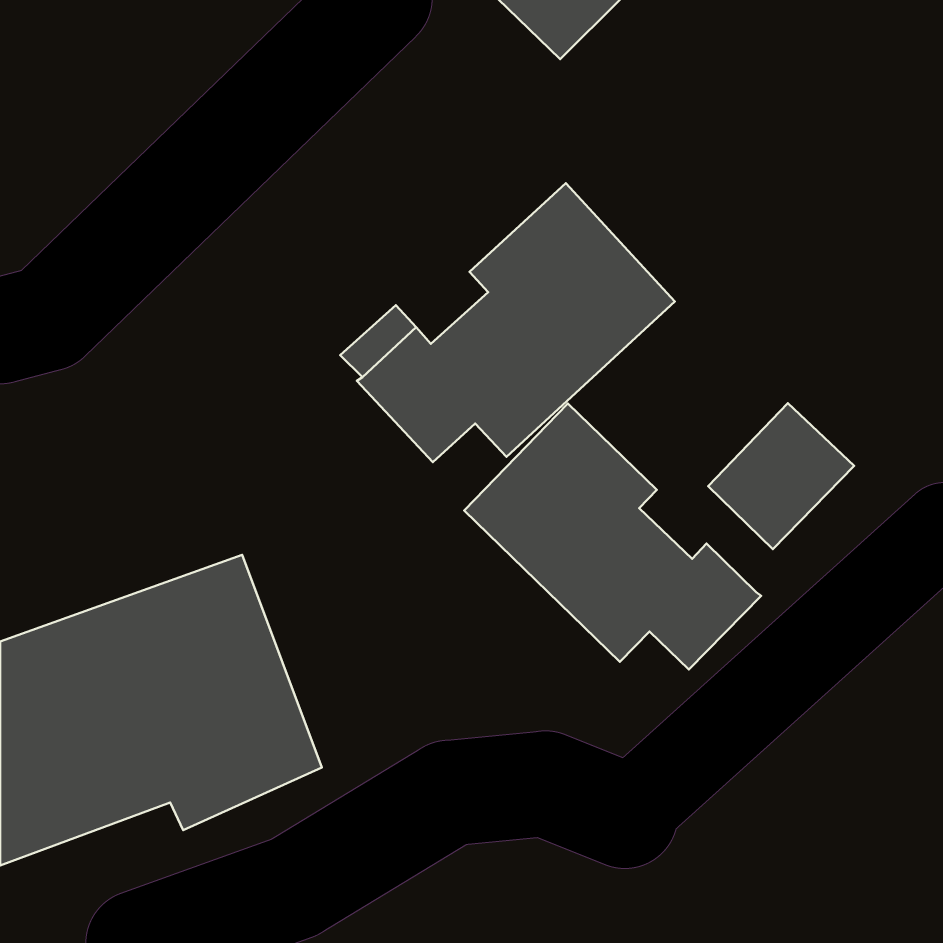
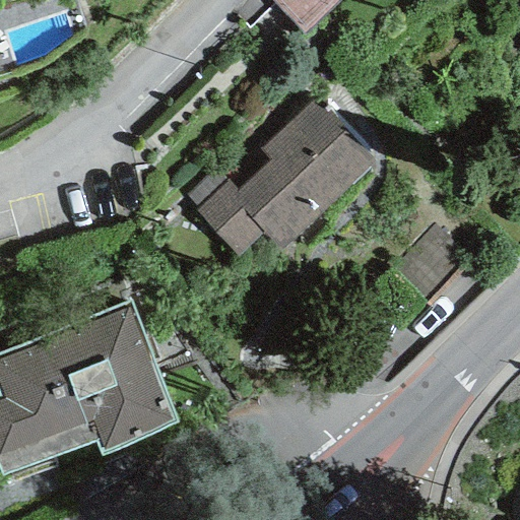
building: [464,403,761,669] -> none

